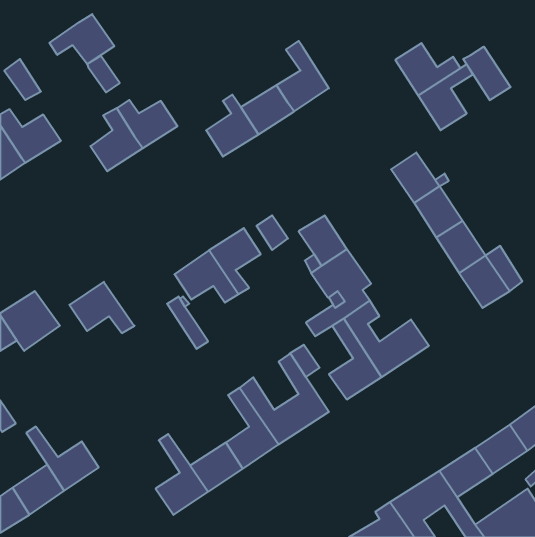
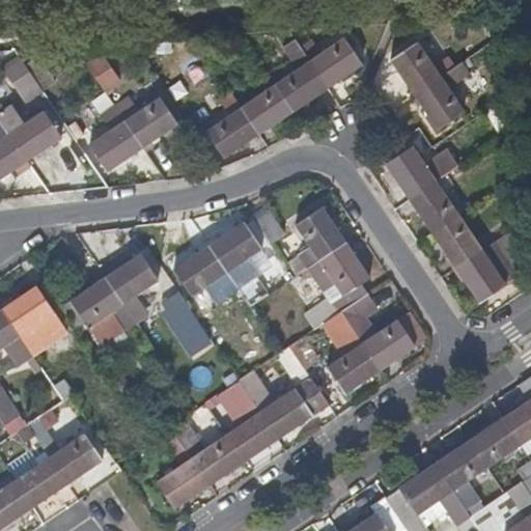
building: [49,14,114,64] -> none
building: none -> [301,39,362,87]
building: [463,47,511,100] -> none
building: none -> [105,255,157,319]

